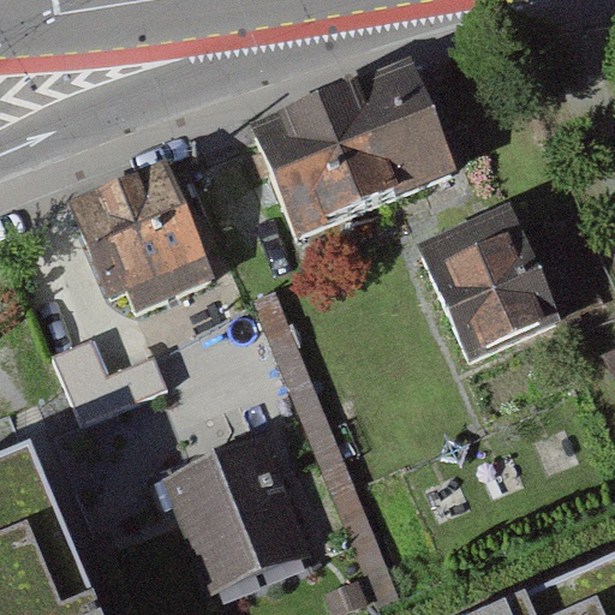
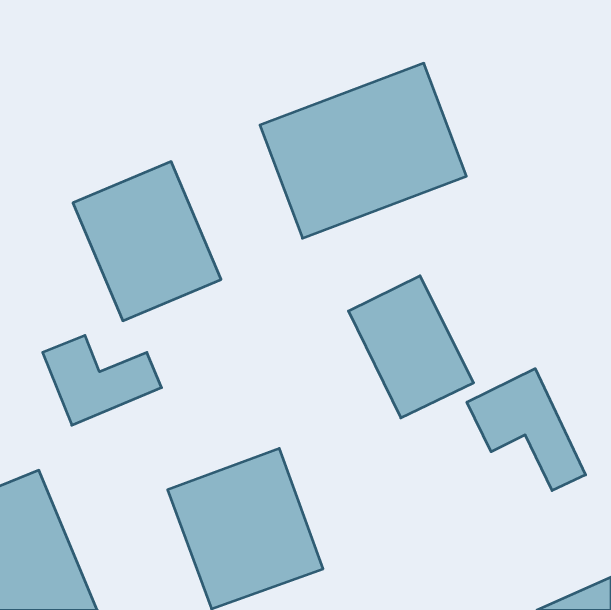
building: [412,209,536,350] -> [348,276,474,418]
building: none -> [467,369,586,491]

